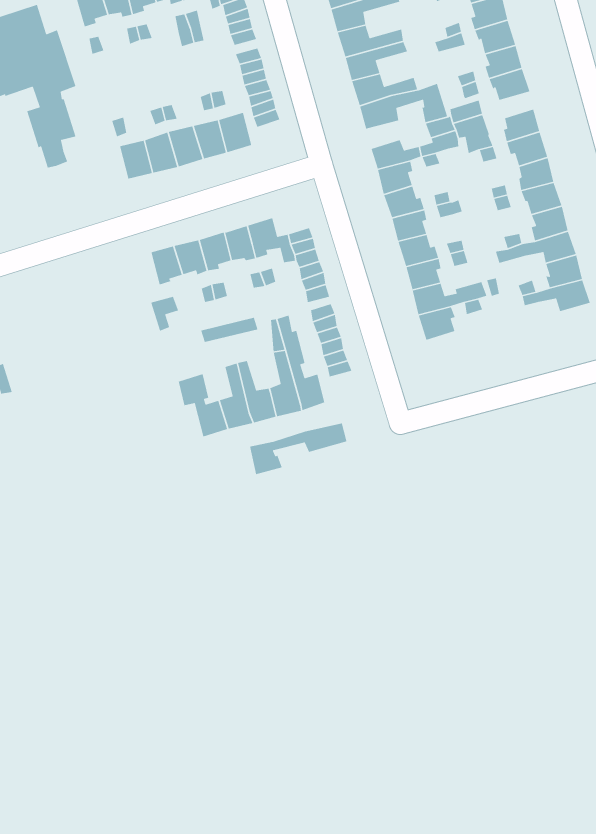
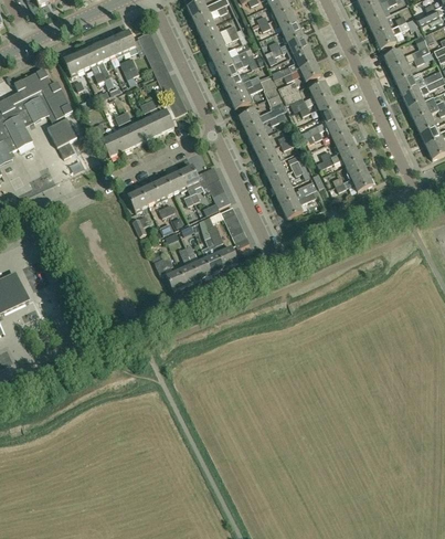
building: [249,422,348,475] -> none

